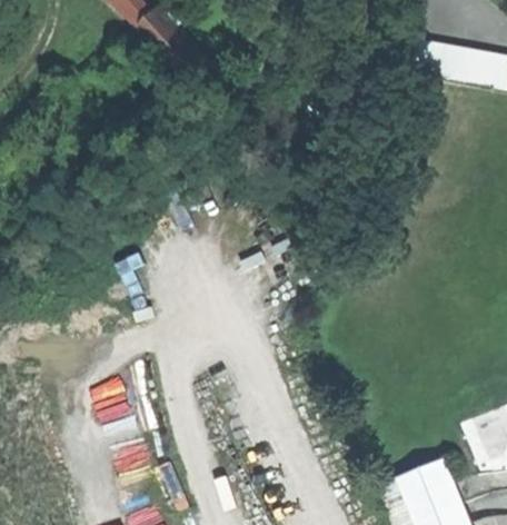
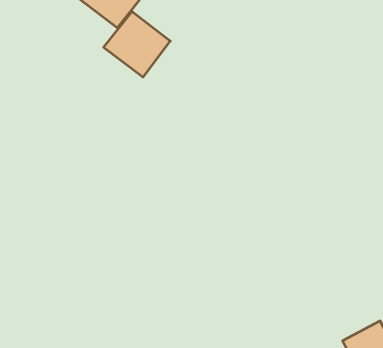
building: none -> [104,12,170,77]

